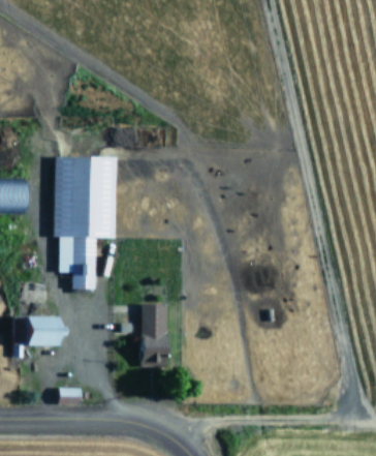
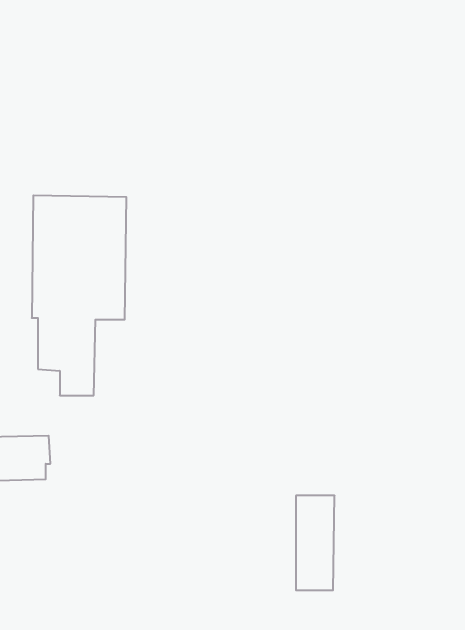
building: [142,303,167,366] -> [296,496,335,590]

